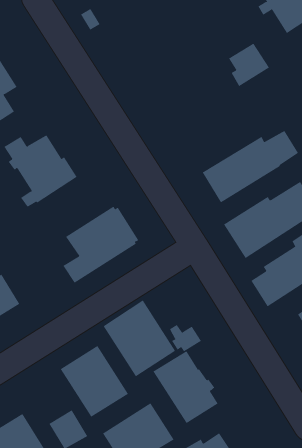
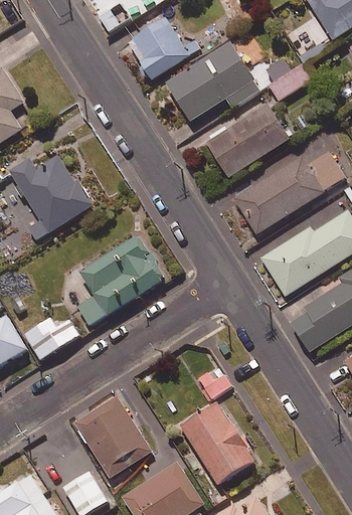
building: none -> [127,16,201,79]
building: none -> [165,41,258,120]
building: none -> [205,102,291,177]
building: none -> [23,317,79,360]
building: [103,300,176,377] -> none

